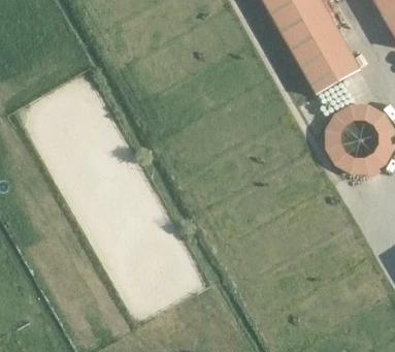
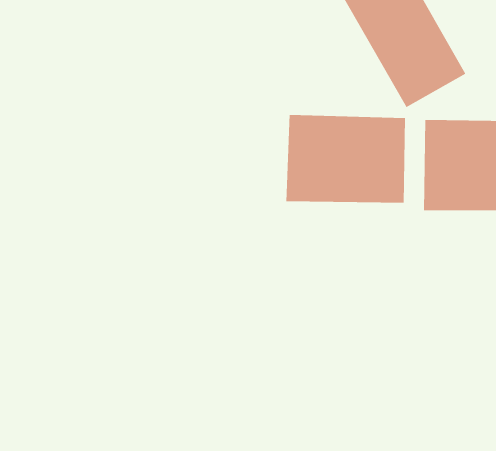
building: none -> [286,114,405,204]

